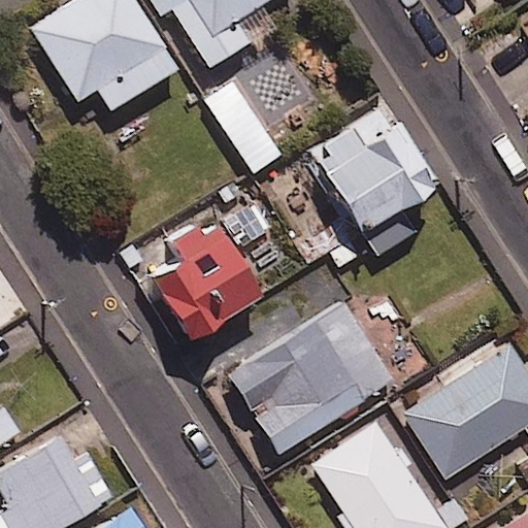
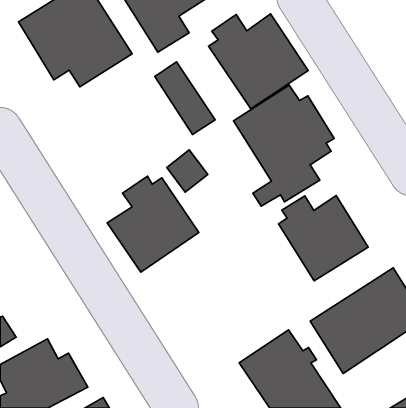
building: none -> [209,14,308,109]
building: none -> [278,196,368,281]
building: [221,299,396,460] -> none

